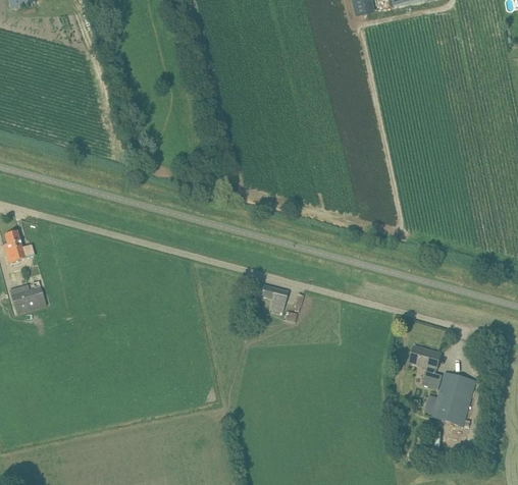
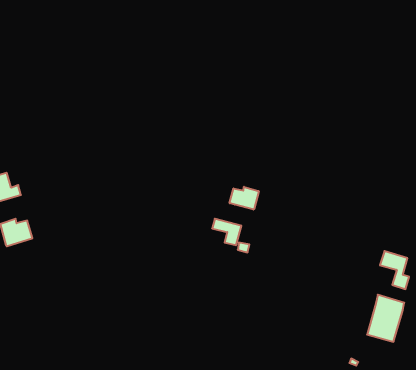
building: none -> [230,187,259,210]
building: [408,344,442,388] -> [380,251,409,289]

